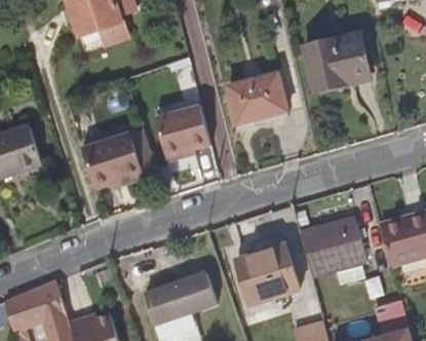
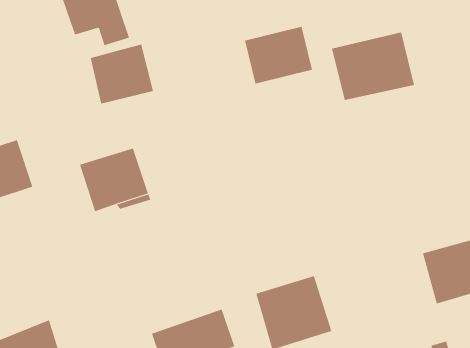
building: [227,73,286,123] -> [244,26,313,84]
building: [155,104,210,156] -> [90,44,154,104]
building: [299,218,365,285] -> none

